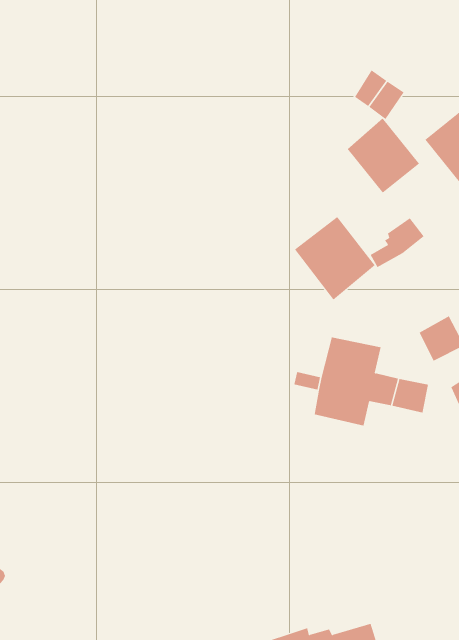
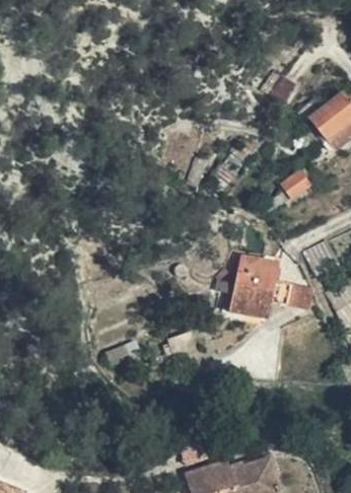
building: [347,118,420,193] -> none
building: [294,216,375,301] -> none

